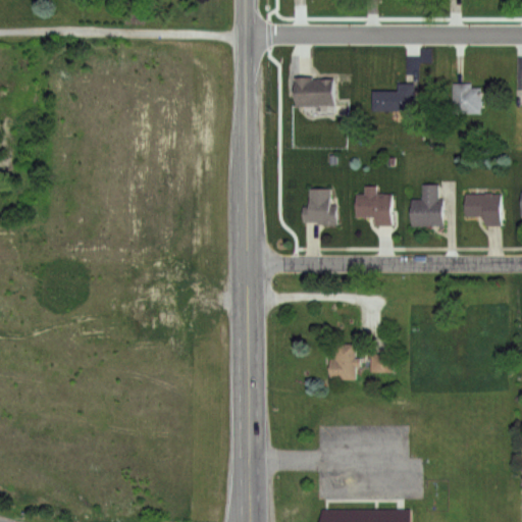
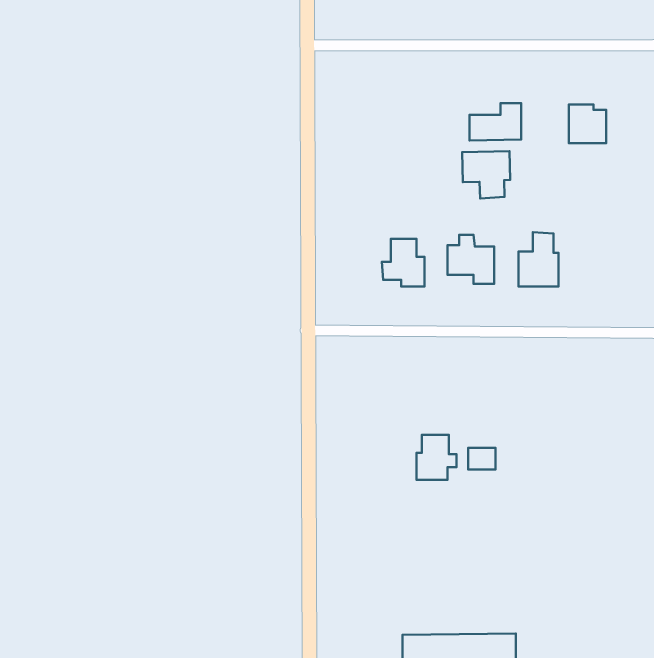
building: [294,77,331,106] -> none
building: none -> [462,151,510,198]
building: [466,196,500,226] -> none

